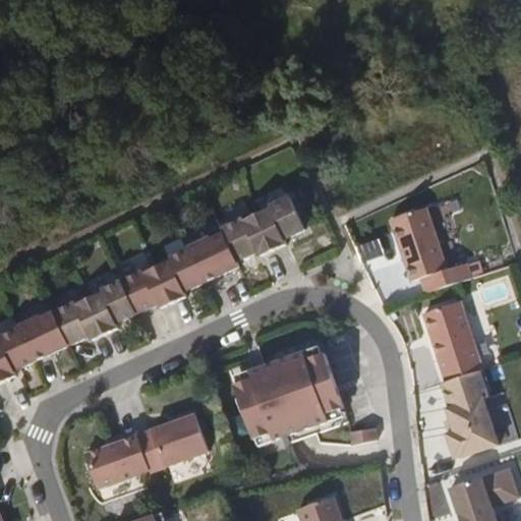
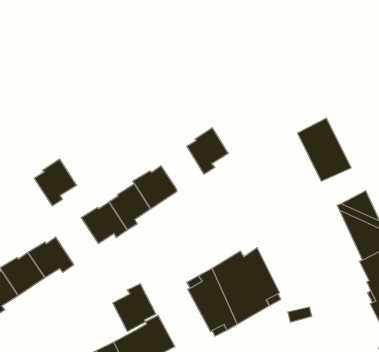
building: [222,215,273,262] -> none
building: [86,280,135,334] -> [34,159,77,206]
building: none -> [113,284,156,331]

